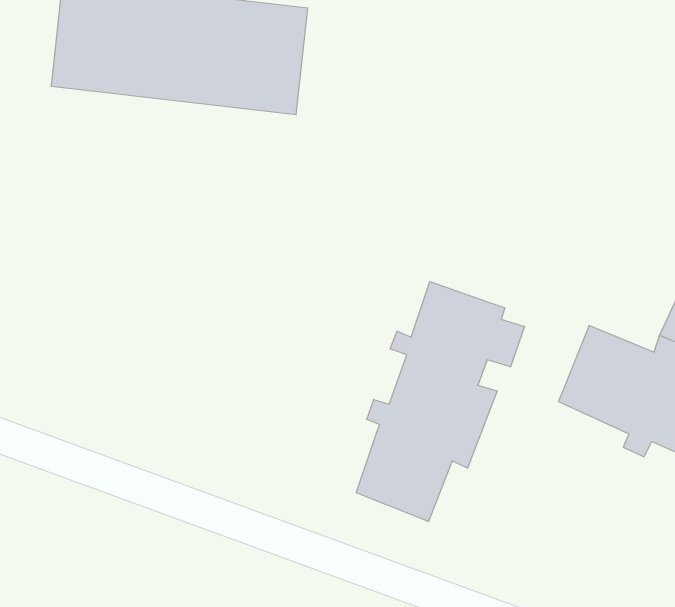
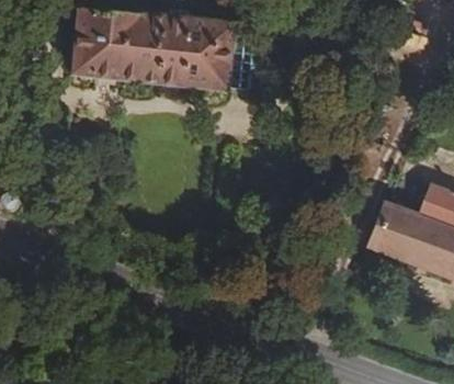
building: [356,282,524,522] -> none

